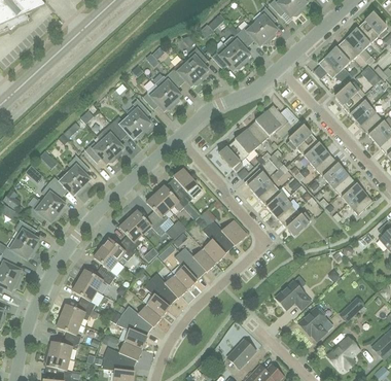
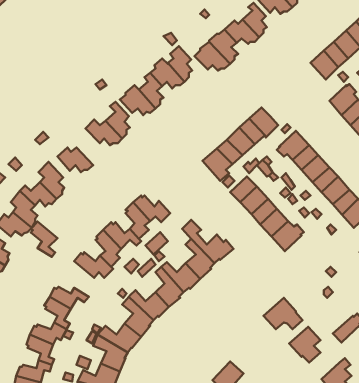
building: [101,124,125,158] -> none
building: [174,165,203,202] -> none
building: [94,246,118,279] -> [31,221,57,257]

